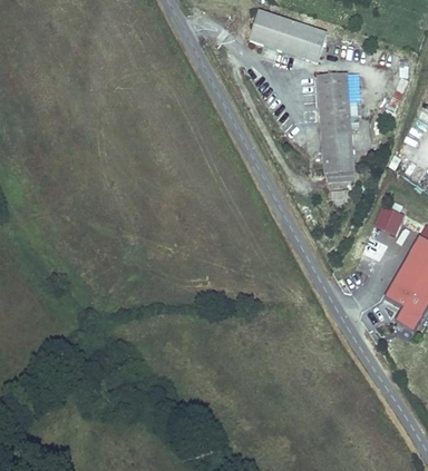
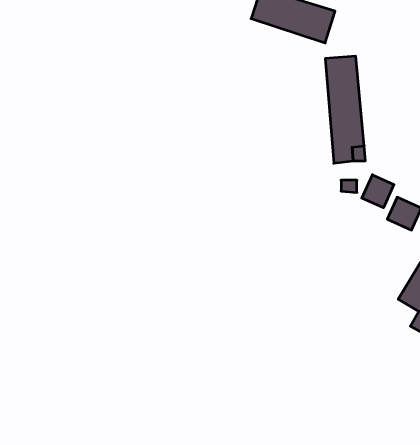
building: none -> [362,175,394,208]

